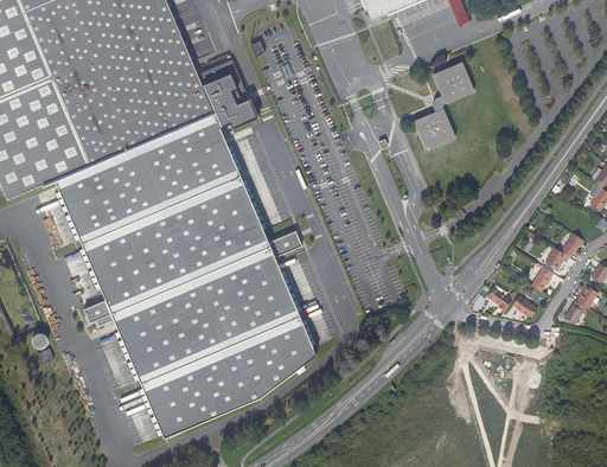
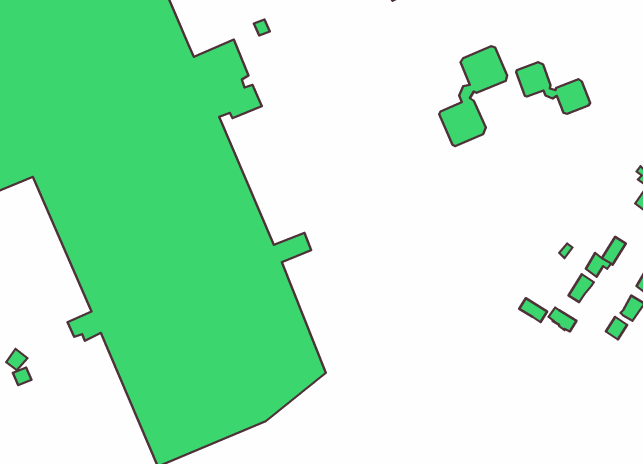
building: none -> [516,62,590,114]

